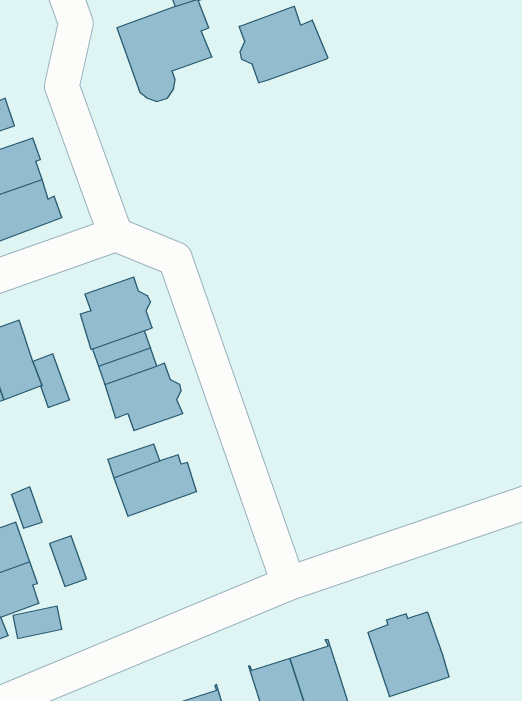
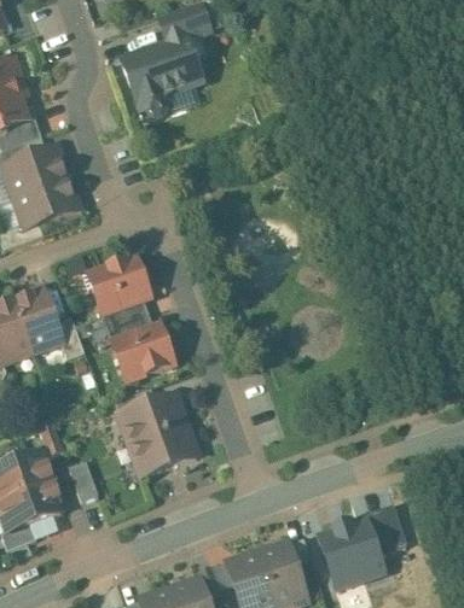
building: [239,6,328,83] -> none
building: none -> [130,425,196,475]
building: none -> [364,503,408,554]

